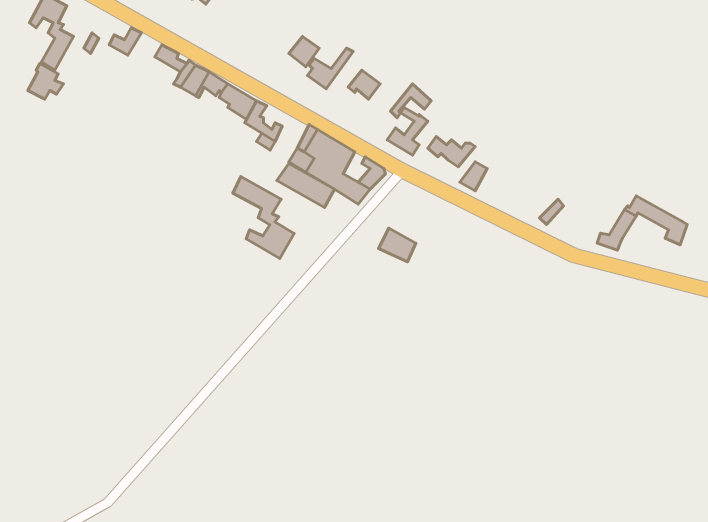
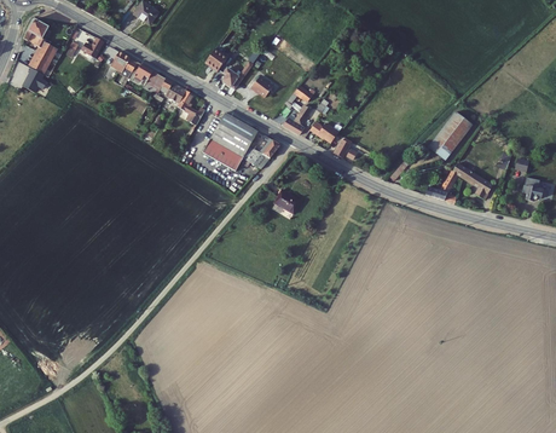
building: none -> [428,111,473,160]
building: [233,177,294,259] -> none

